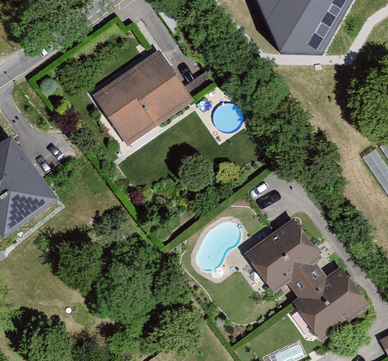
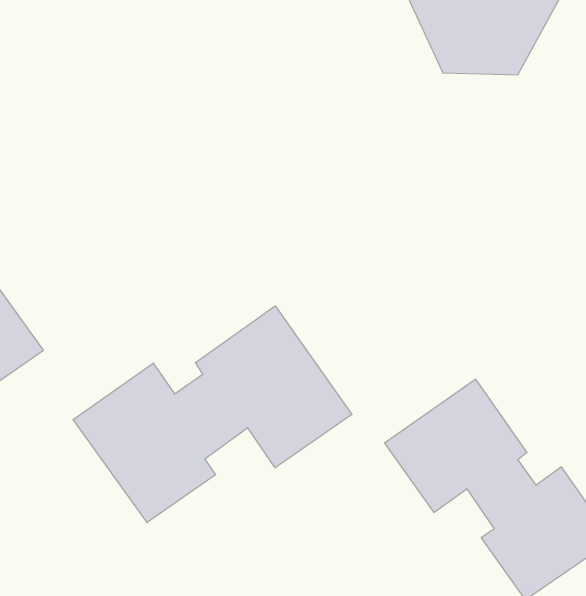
building: [92,51,193,147] -> none
building: none -> [73,306,352,523]

